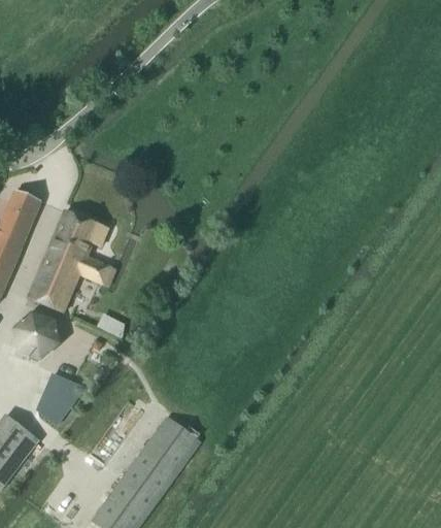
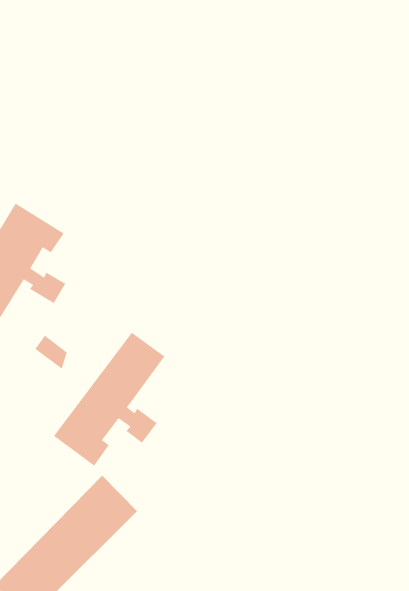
building: none -> [53,332,165,467]

